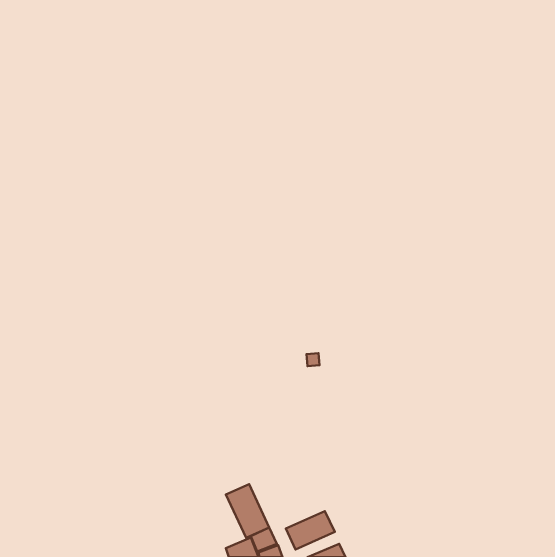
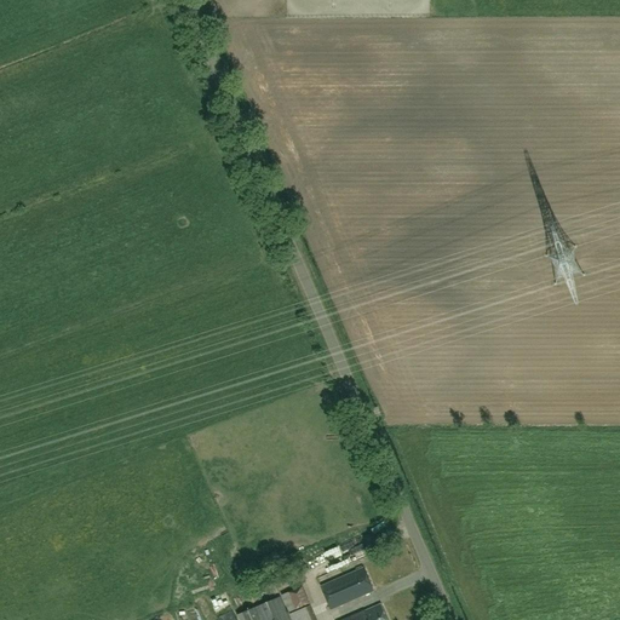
building: [226,484,269,538] -> none

